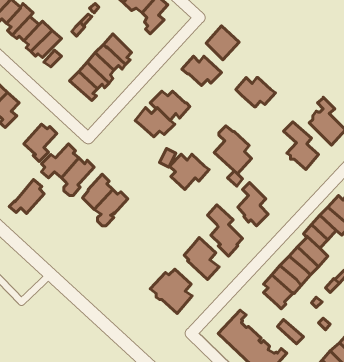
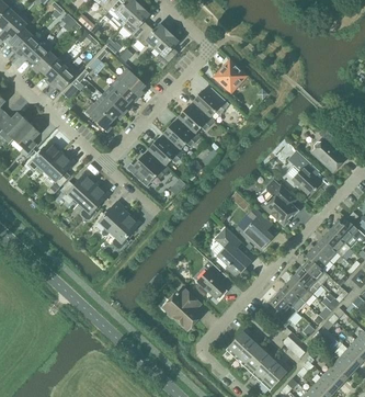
building: [236,78,275,107] -> [178,105,215,133]
building: [214,126,252,174] -> [262,180,297,225]
building: [170,154,209,189] -> [133,154,170,186]
building: [9,180,44,214] -> [27,139,60,171]

